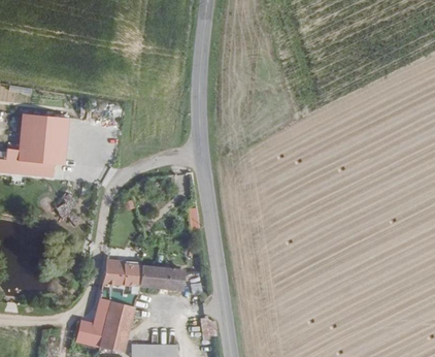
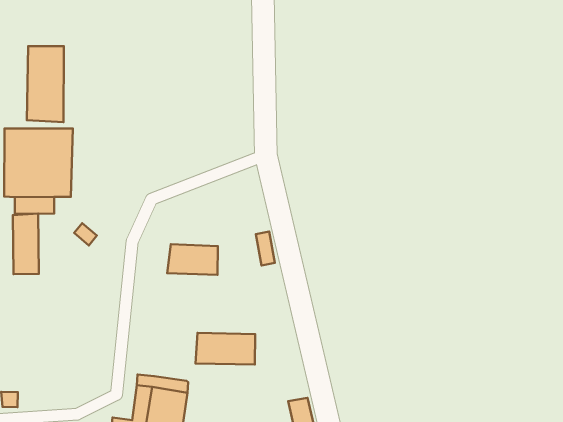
building: none -> [27,46,64,122]
building: none -> [13,214,39,274]
building: [102,262,138,286] -> [167,244,218,275]

